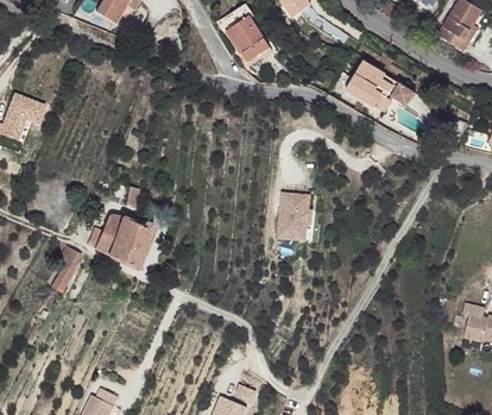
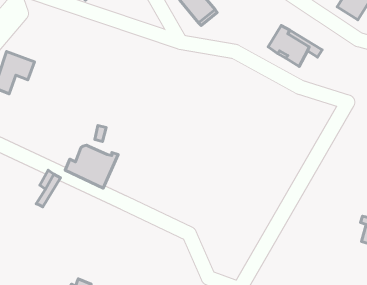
building: [273,194,309,244] -> none

